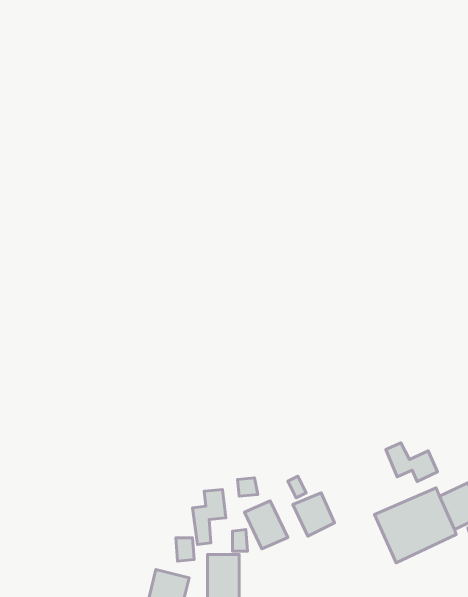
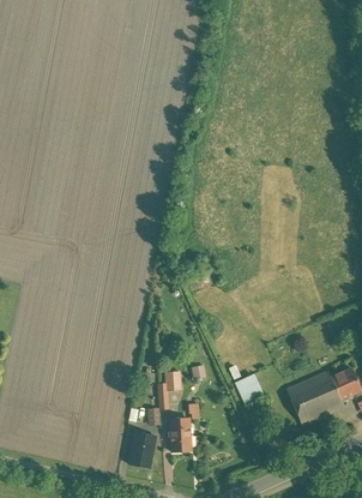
building: [386,443,438,481] -> none
building: [245,501,288,549] -> none

